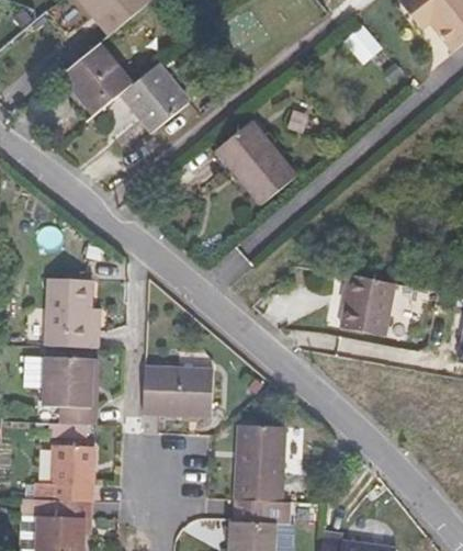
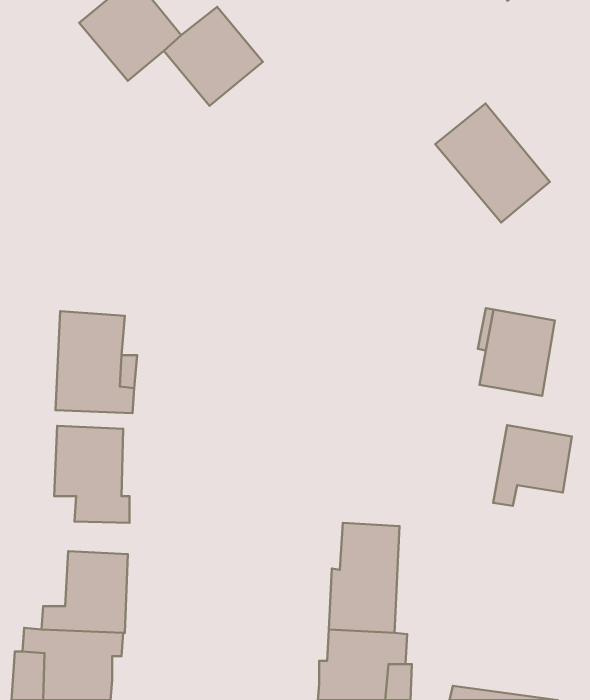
building: [216,122,296,205] -> [435,103,550,223]
building: none -> [493,425,572,506]
building: [142,367,214,416] -> none

